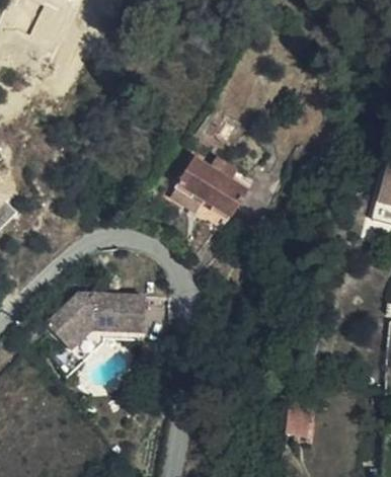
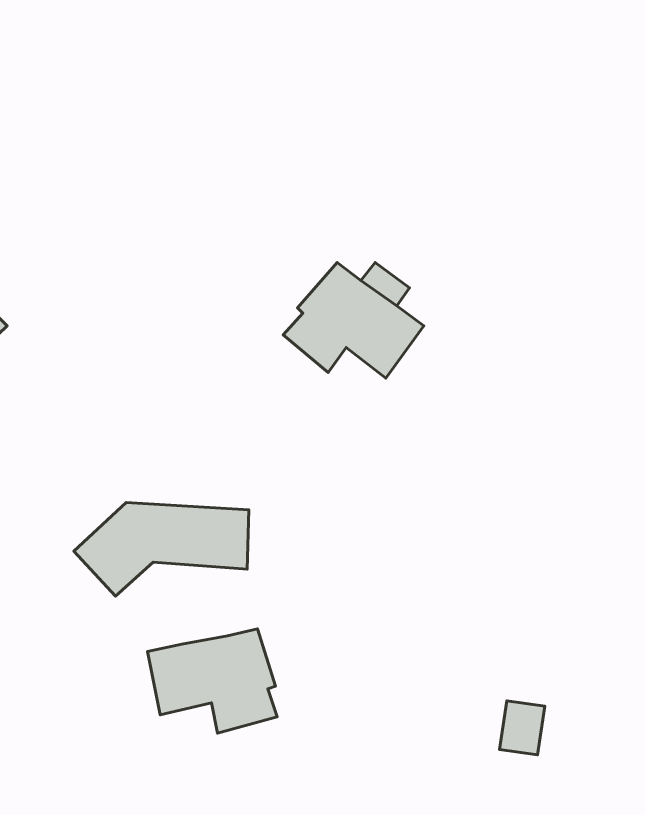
building: none -> [147,629,277,733]

